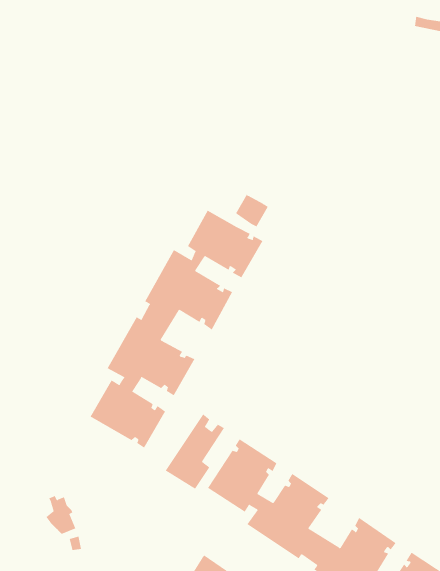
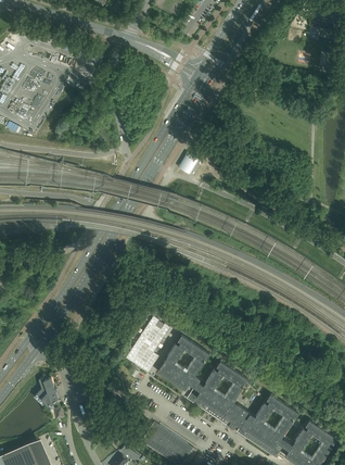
building: [90,210,263,448] -> none

